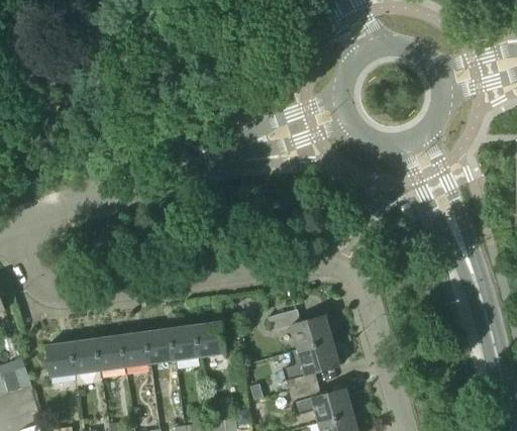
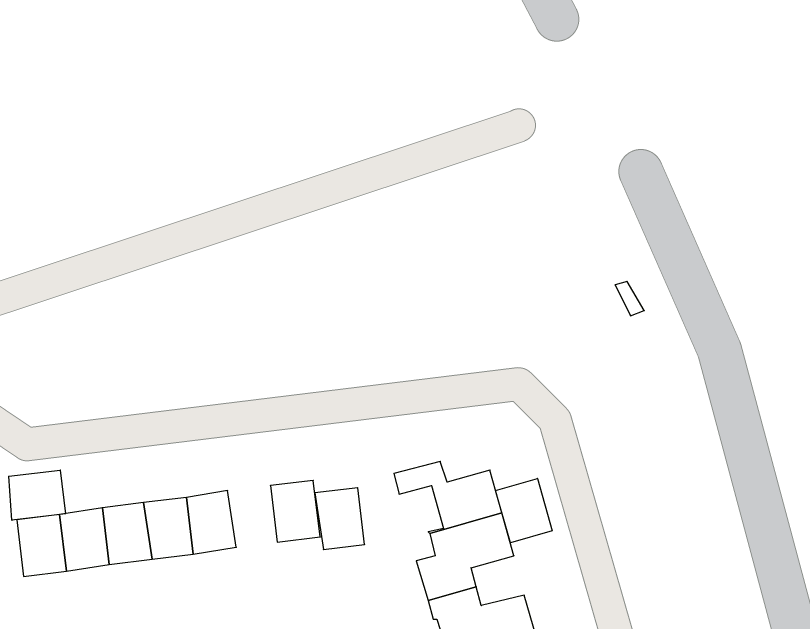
building: none -> [9,470,66,520]
building: none -> [496,478,552,543]
building: [171,324,200,360] -> [315,488,365,550]

